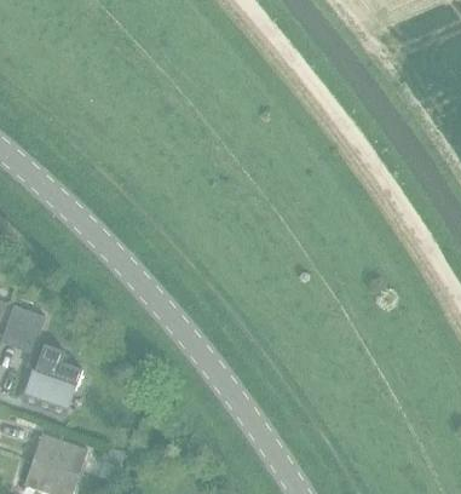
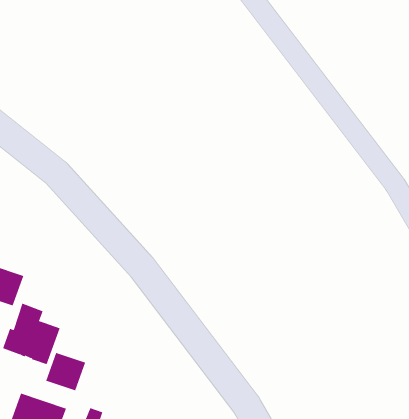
building: none -> [45,352,86,391]

